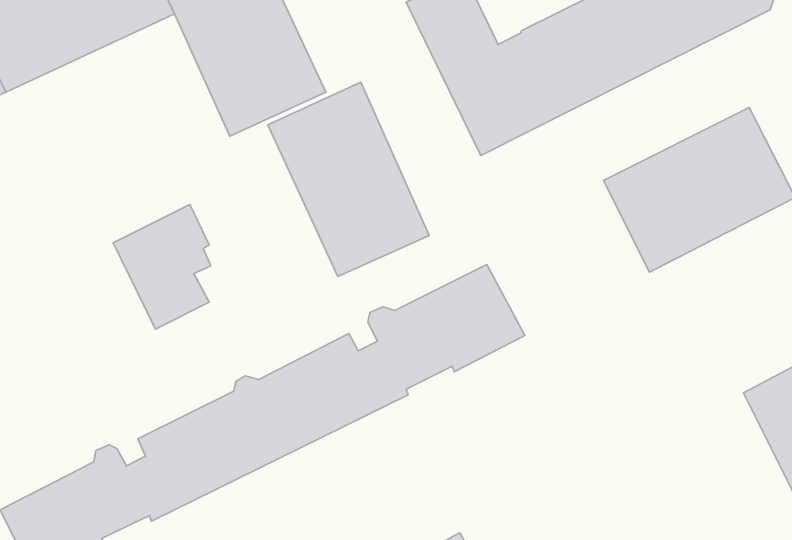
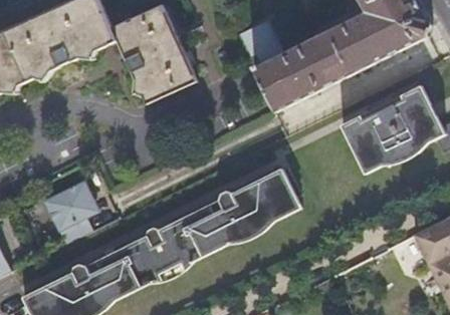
building: [268,82,429,277] -> none
building: [113,205,211,329] -> [45,181,96,246]

